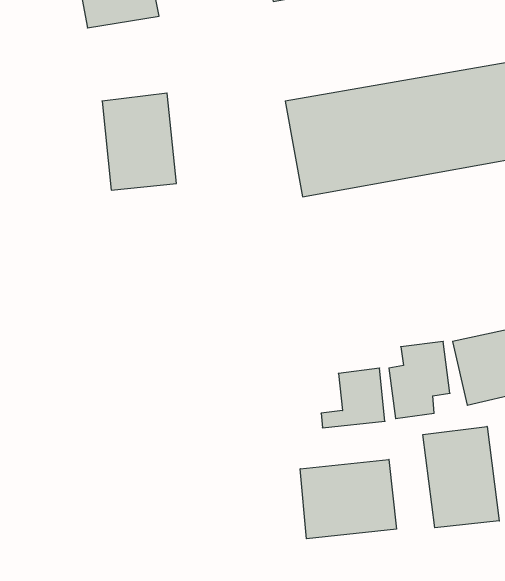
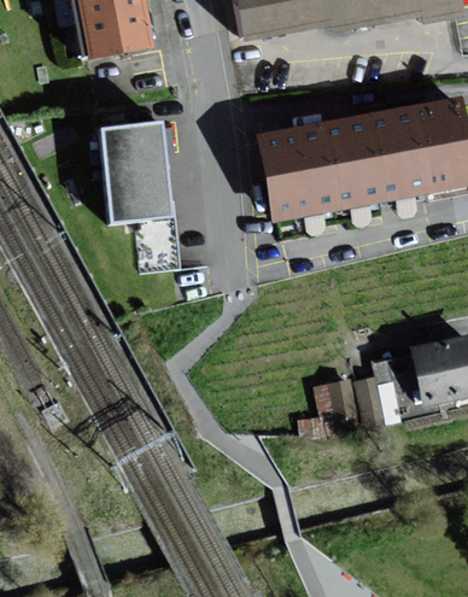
building: [423,426,499,528] -> none
building: [300,459,396,539] -> none

